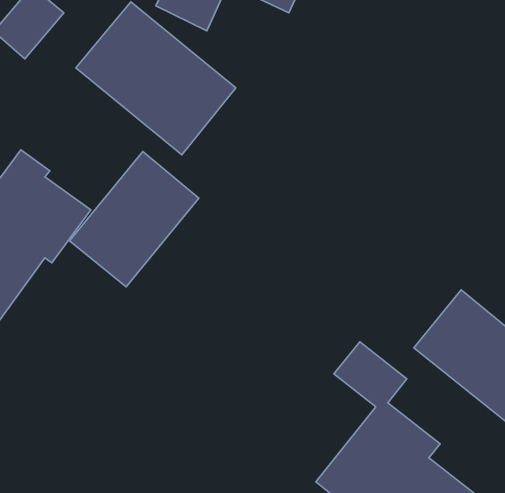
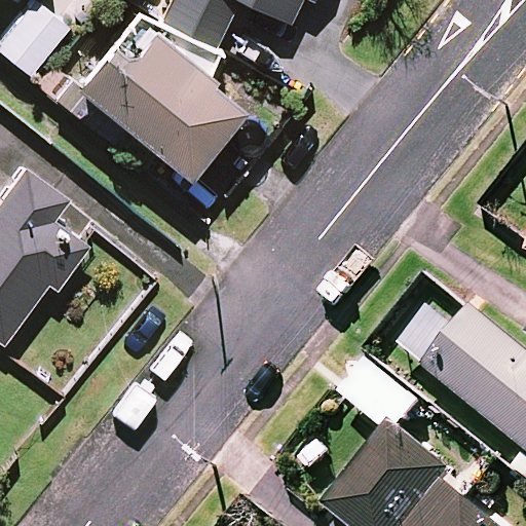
building: [70,151,199,287] -> none

